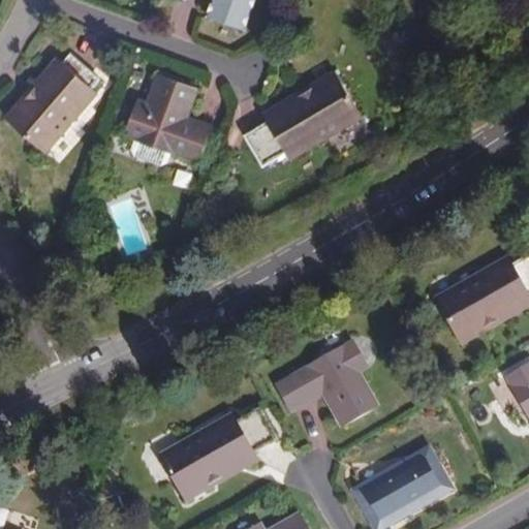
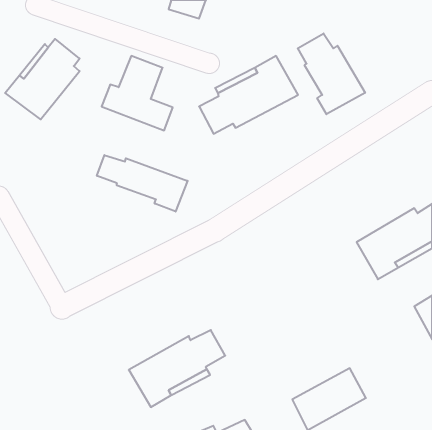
building: none -> [298,33,365,114]
building: none -> [97,155,188,212]
building: [276,340,376,426] -> none

